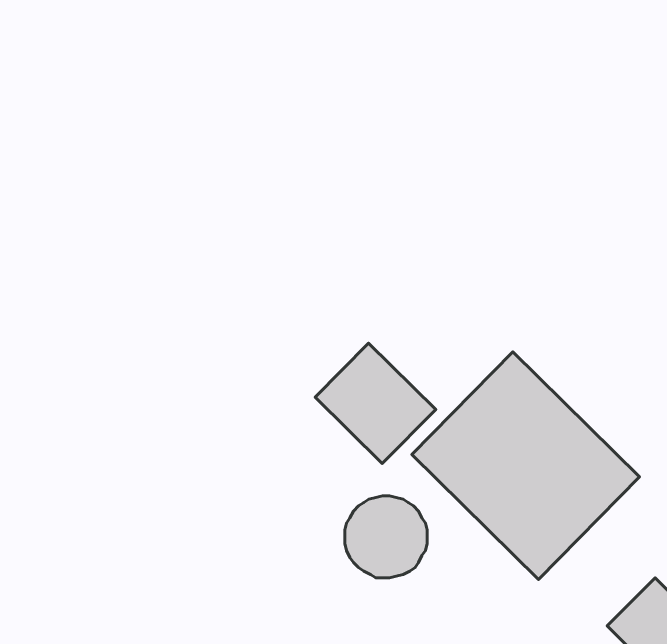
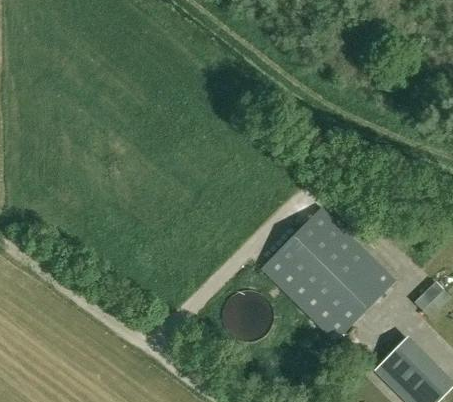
building: [315,343,436,464] -> none

